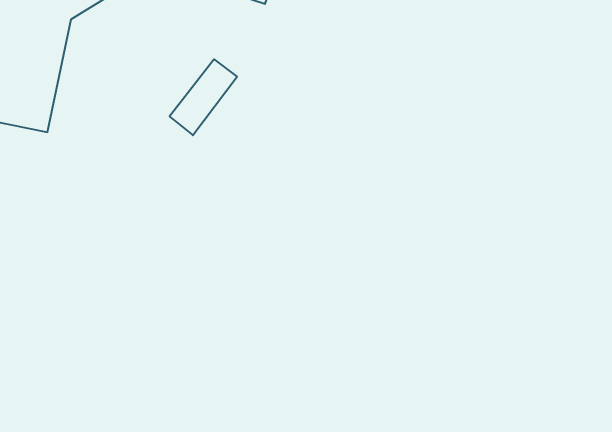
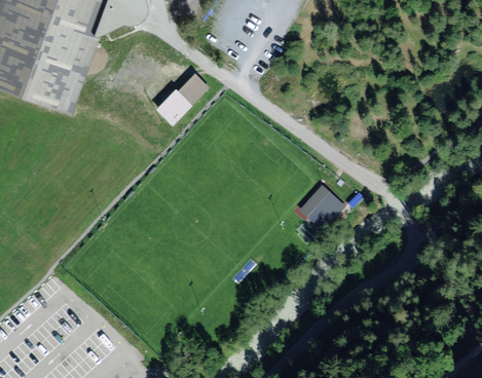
building: none -> [308,192,344,229]

